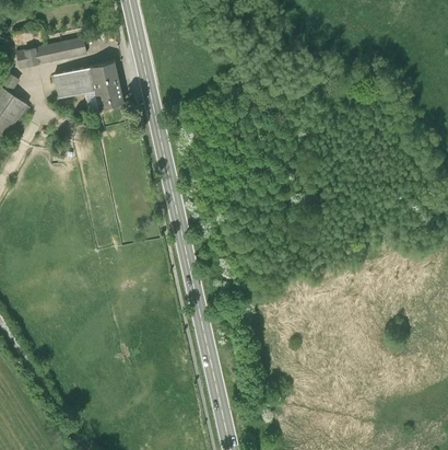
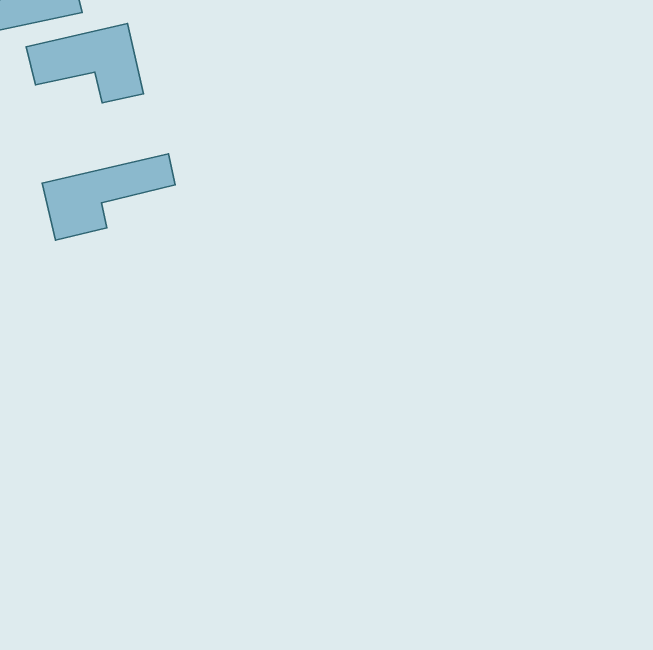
building: none -> [42,154,175,240]

